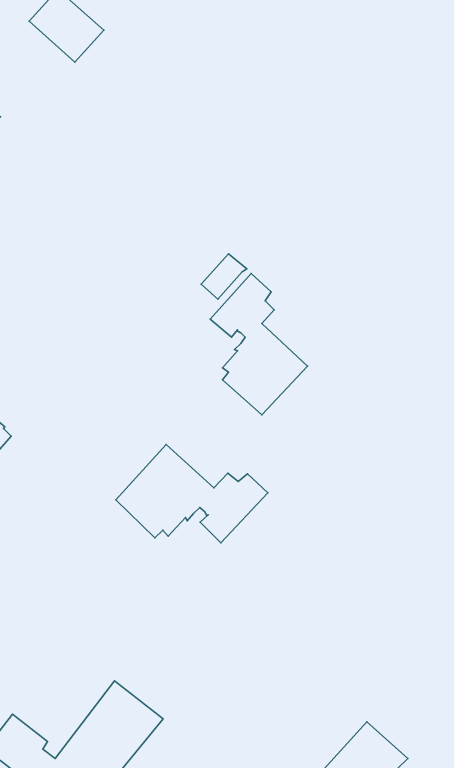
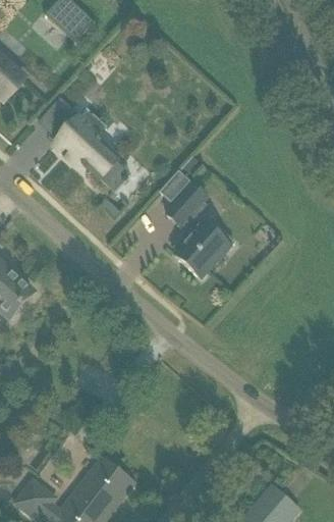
building: none -> [51,97,130,191]
building: [116,445,268,543] -> none

